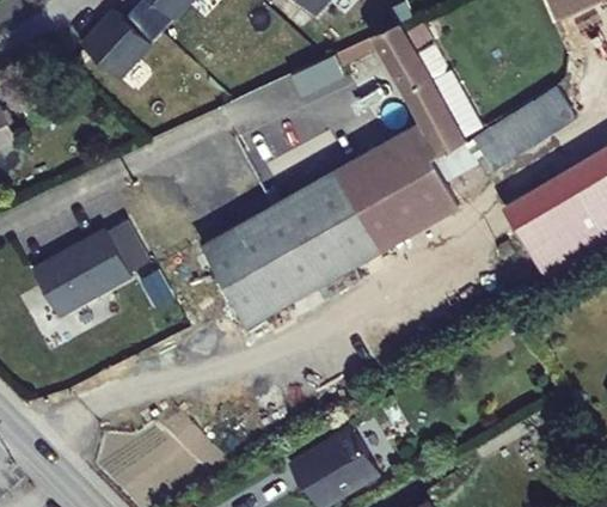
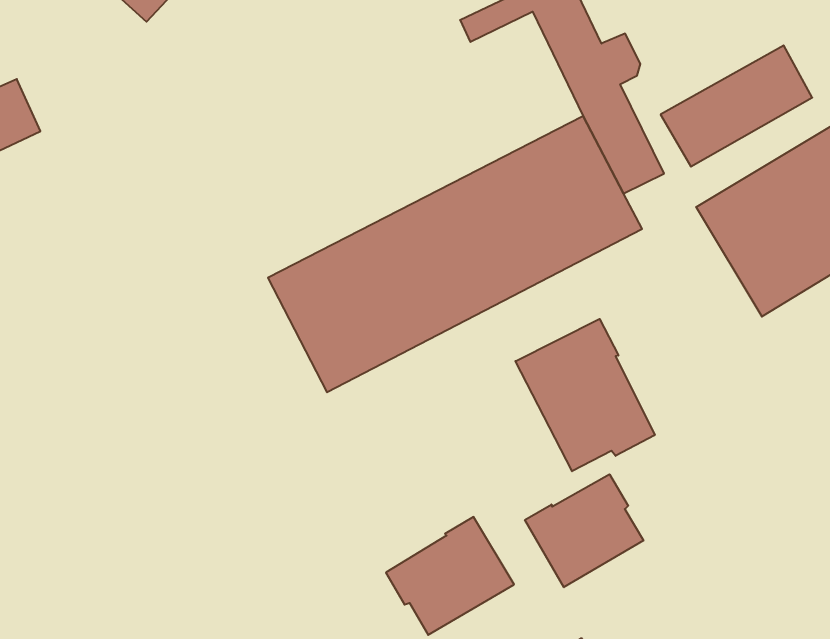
building: [36,219,158,316] -> none
building: none -> [515,319,655,471]
building: none -> [525,474,643,587]

